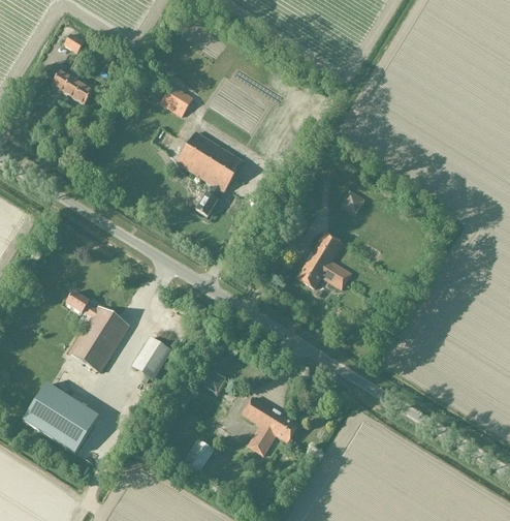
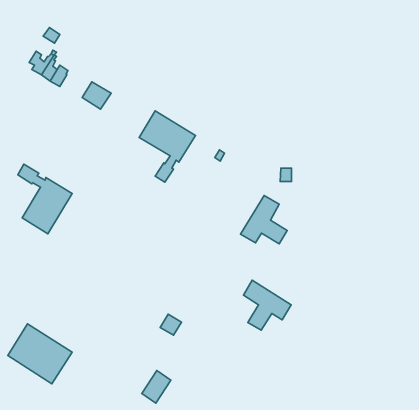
building: [159,84,193,116] -> [82,82,111,109]
building: [66,292,130,373] -> [18,164,72,234]
building: [131,335,172,379] -> none
building: [242,395,297,454] -> [243,280,291,330]

